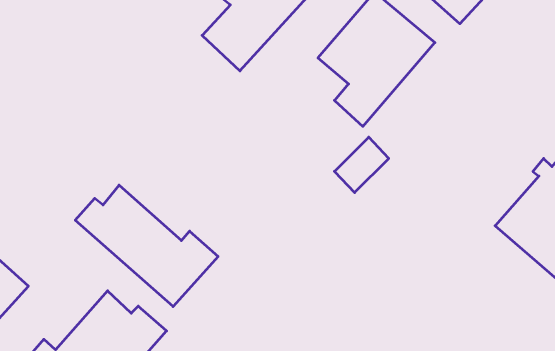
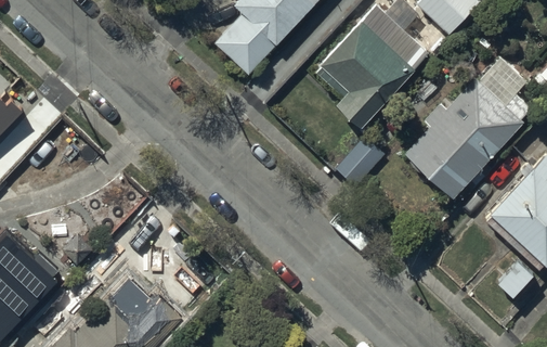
building: none -> [405,57,533,198]
building: [75,185,218,307] -> none

